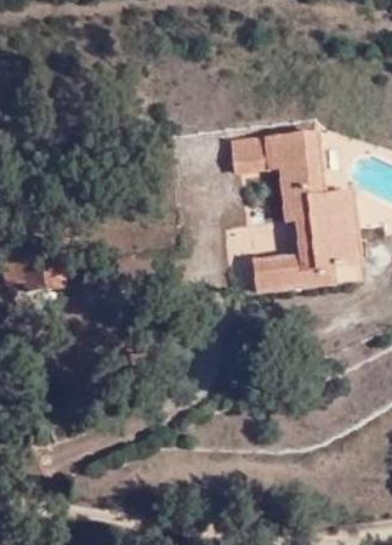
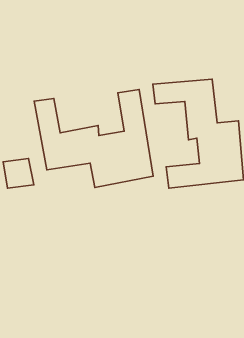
building: none -> [34,89,153,187]

